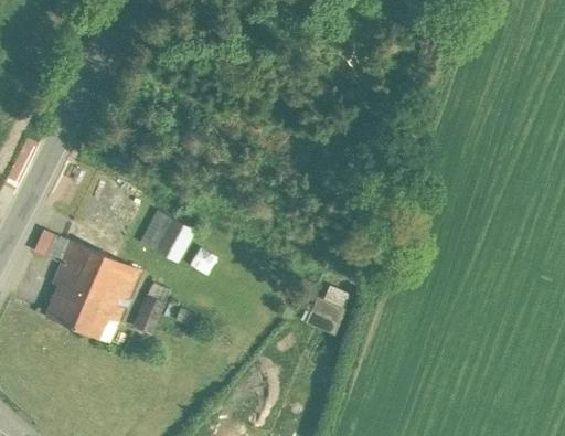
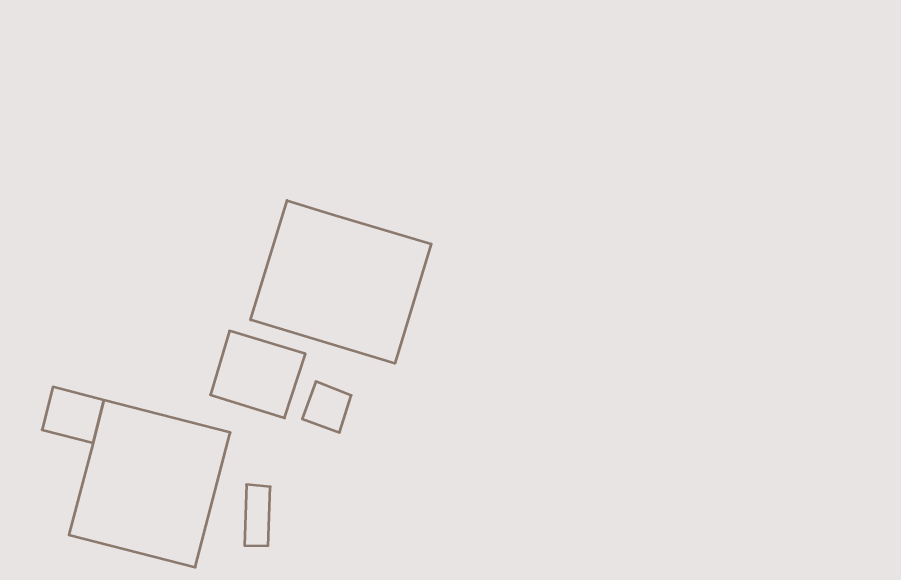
building: none -> [251,200,431,363]
building: [301,285,348,334] -> none

